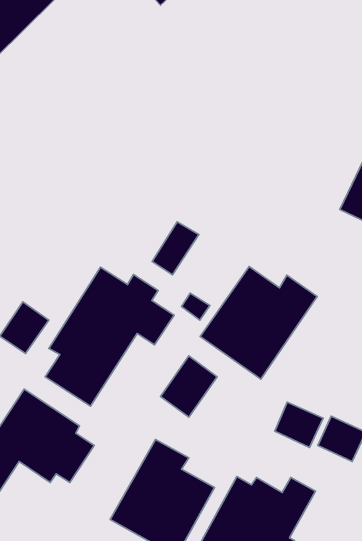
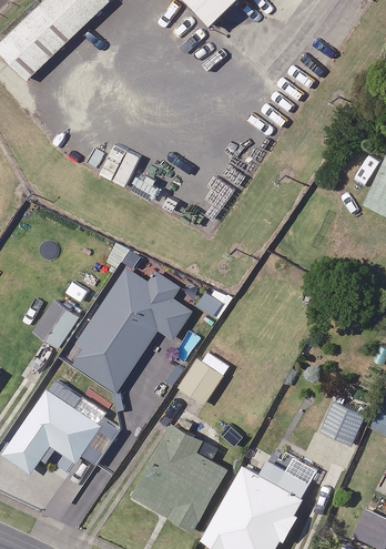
building: [152,222,199,275] -> none
building: [200,266,317,379] -> none
building: [275,402,323,448] -> none

